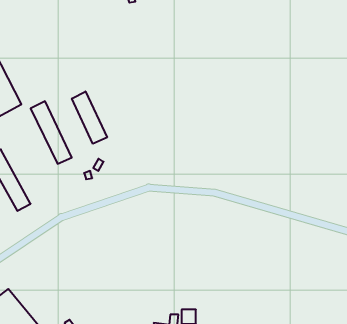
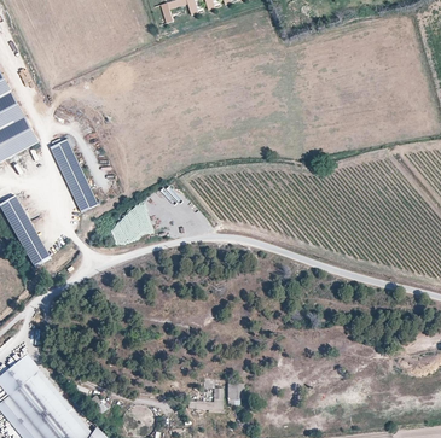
building: [72,91,107,144] -> none

